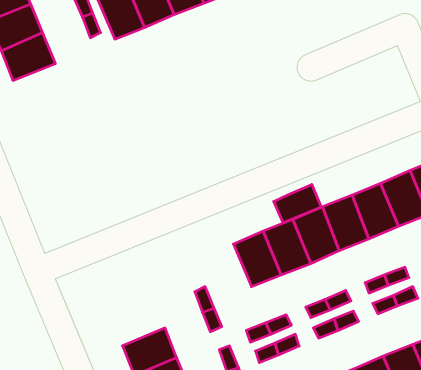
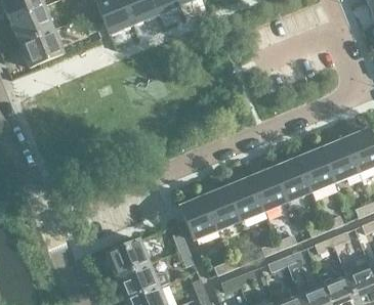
building: [274,184,321,223] -> none
building: none -> [179,195,218,239]
building: none -> [106,238,150,276]

